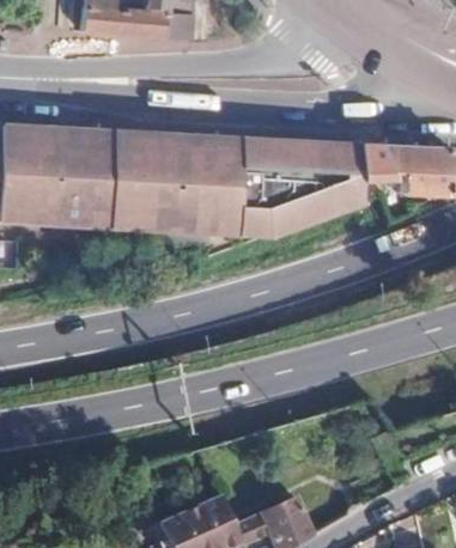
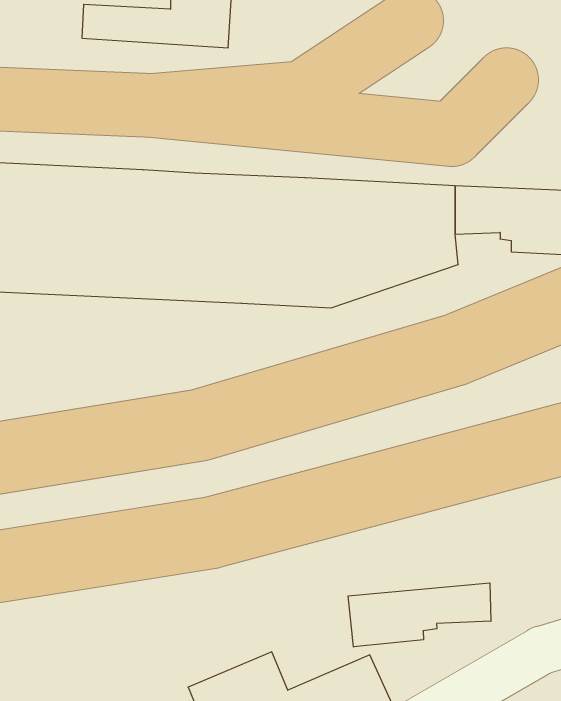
building: none -> [348,583,491,647]

